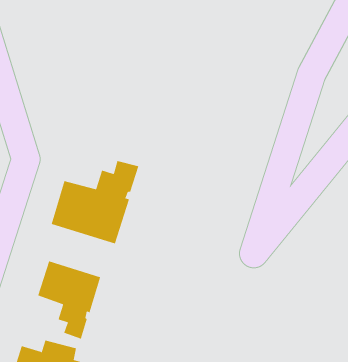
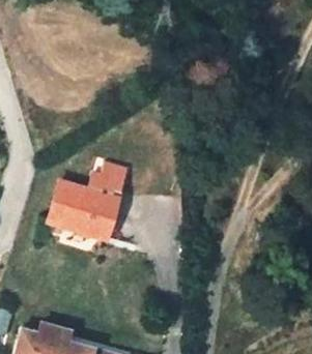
building: [38,261,101,340] -> none

